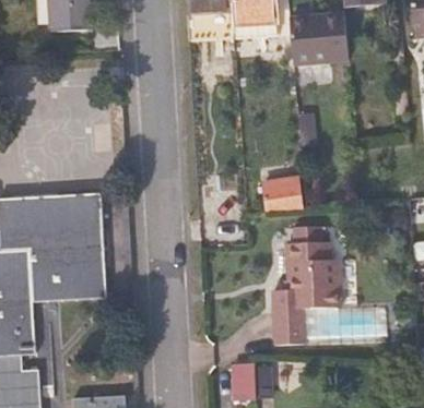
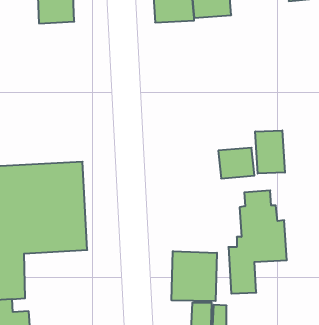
building: [288,14,350,67] -> none
building: none -> [255,130,285,174]
building: none -> [172,251,217,301]

